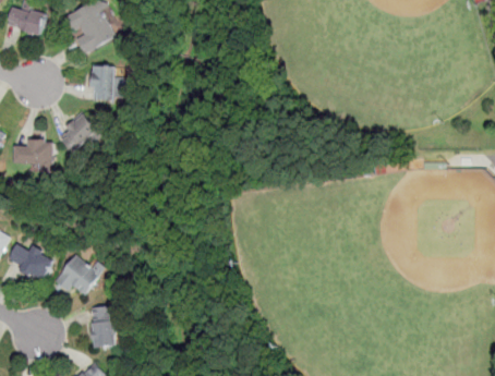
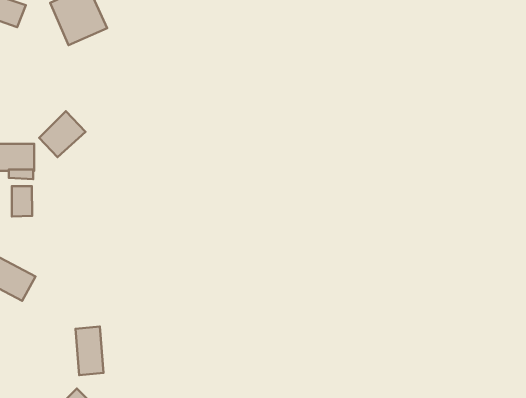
building: [90,64,114,99] -> none
building: none -> [12,186,32,217]
building: [55,255,106,295] -> none

